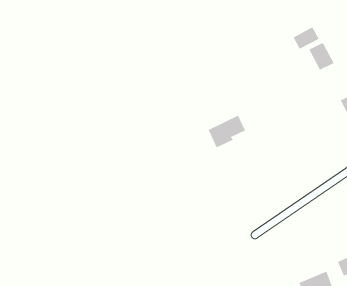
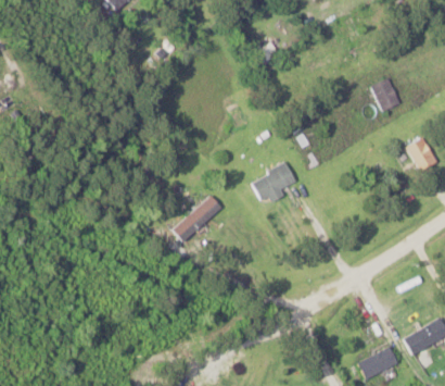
building: [293,27,320,50] -> none
building: none -> [173,197,224,240]

